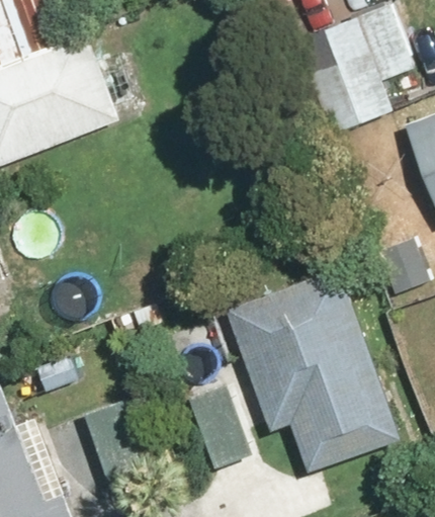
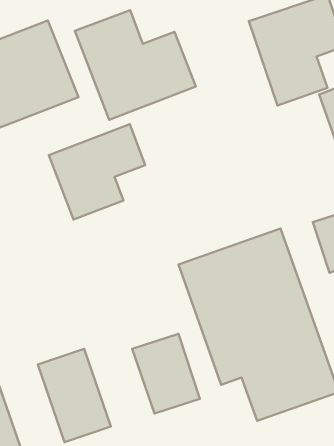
building: none -> [75,10,196,120]
building: none -> [49,124,145,220]

